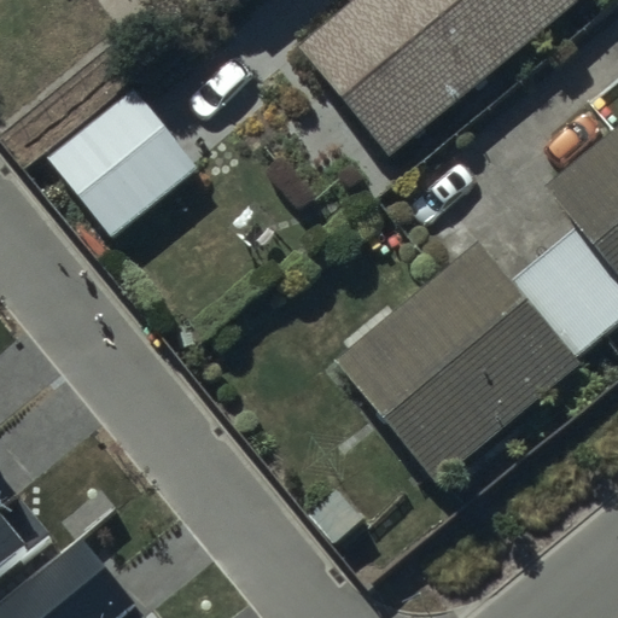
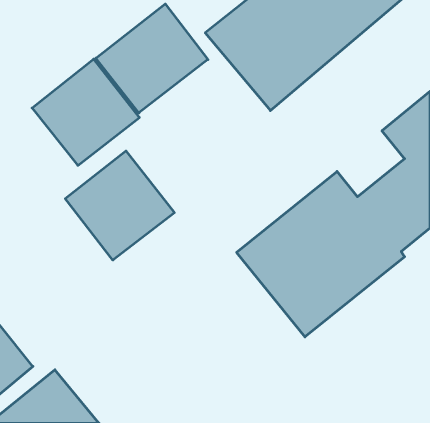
building: none -> [96,4,208,113]
building: none -> [65,151,174,260]

